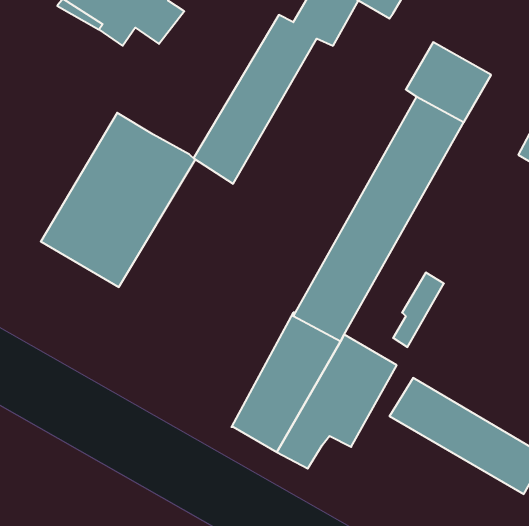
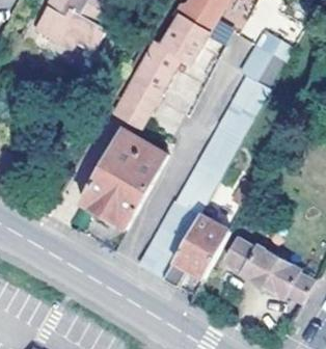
building: [41,113,195,287] -> [81,131,169,231]

